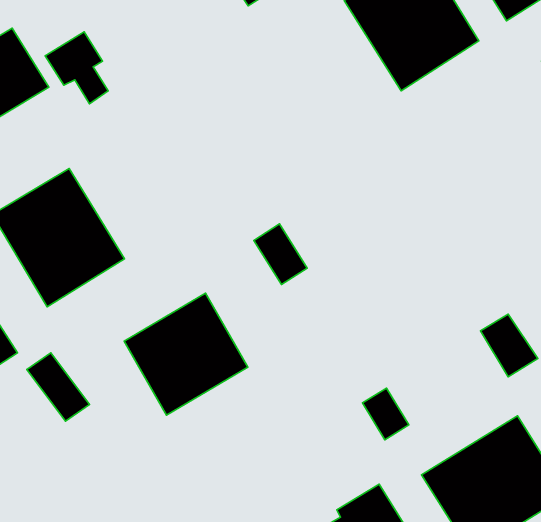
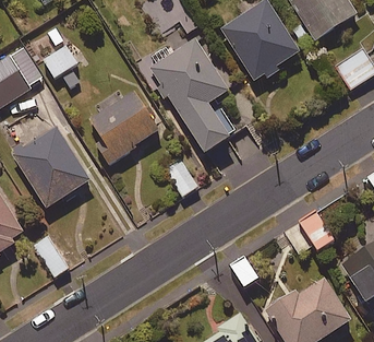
building: none -> [144,35,236,152]
building: [124,293,248,415] -> [86,90,159,162]

